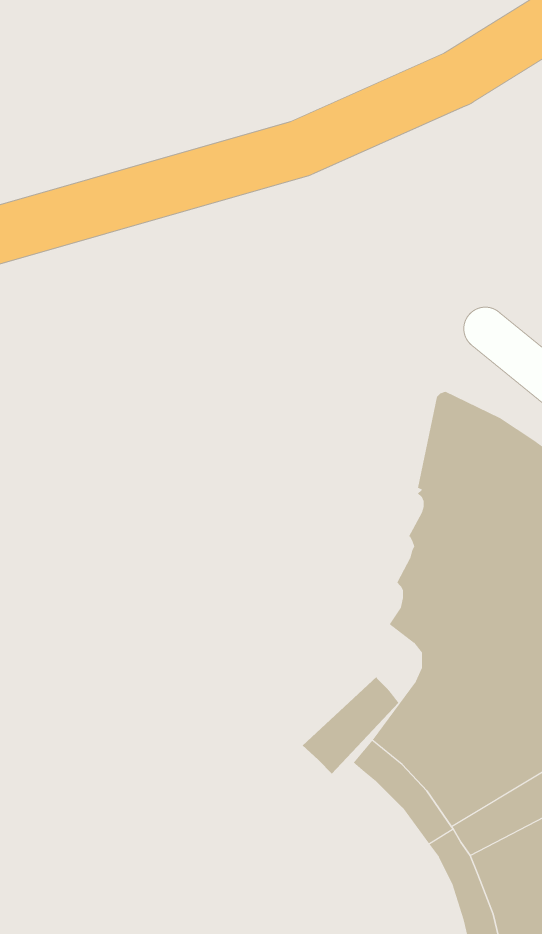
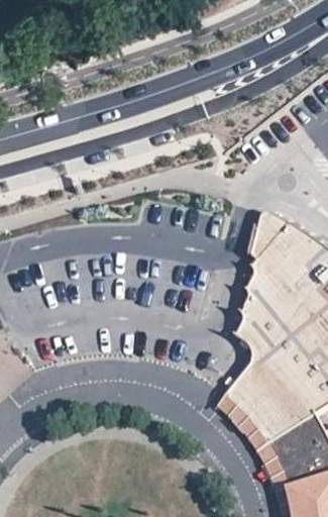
building: [302,676,399,774] -> none

